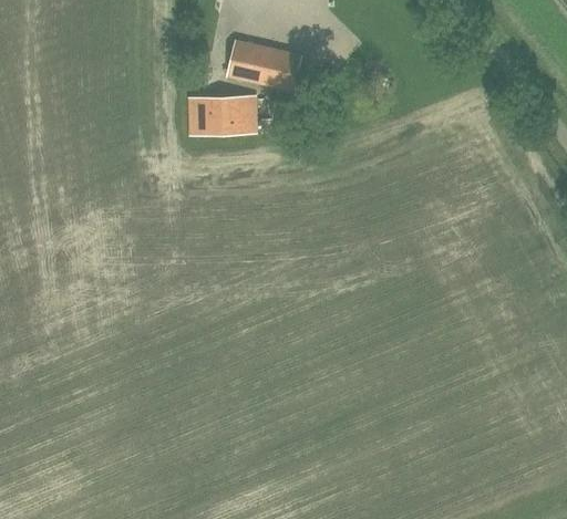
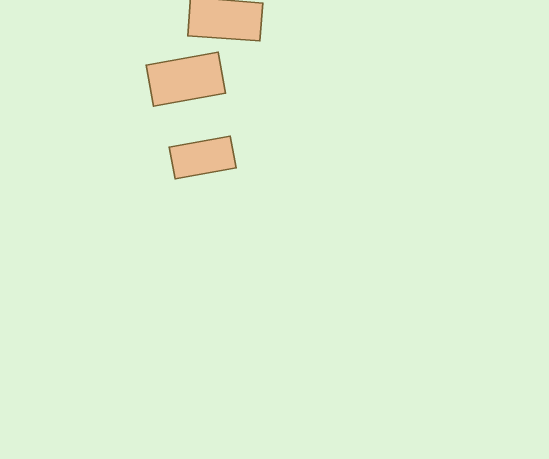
building: none -> [169,136,236,179]

